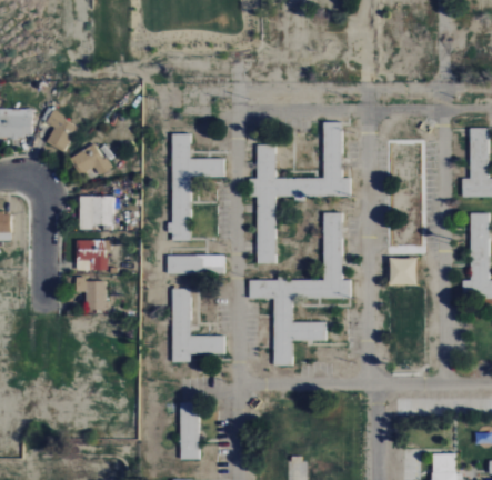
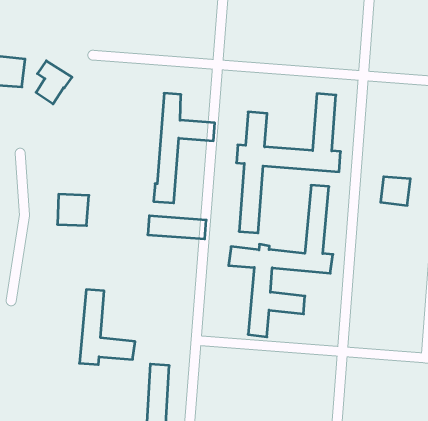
building: [70,142,109,174] -> none
building: [79,196,112,229] -> none
building: [389,258,416,284] -> [381,177,410,205]
building: [76,277,106,310] -> none
building: [171,288,224,361] -> [79,290,135,365]

